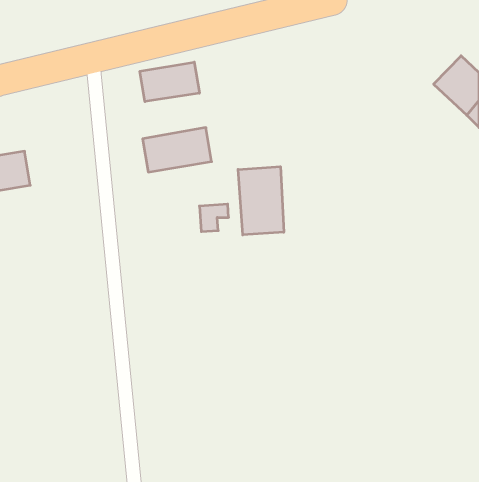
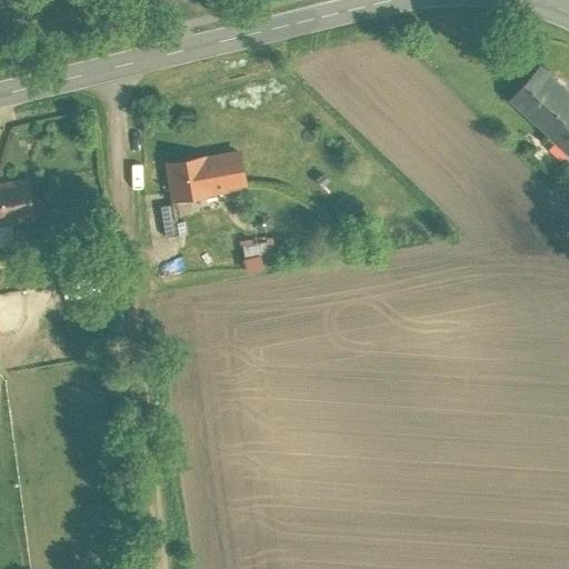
building: [140,62,199,102] -> none
building: [238,167,284,235] -> none

